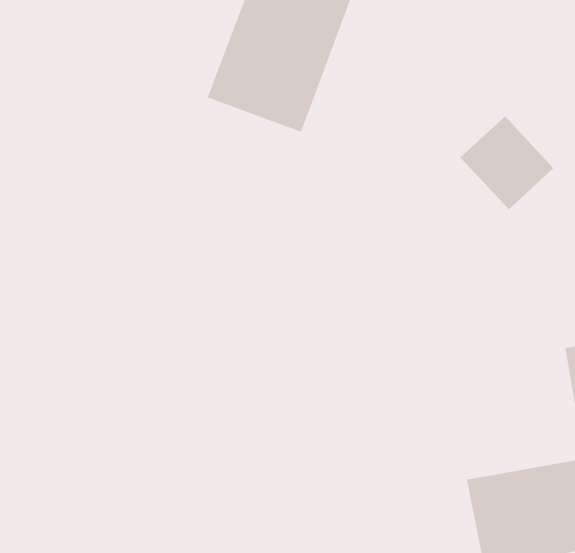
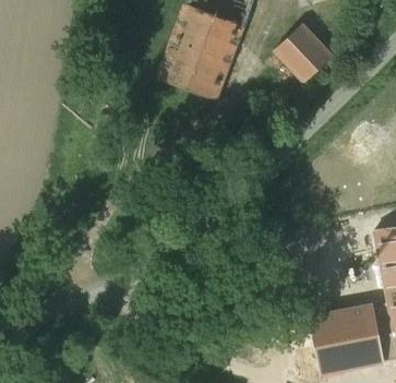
building: [460,116,554,210] -> [272,24,331,83]

